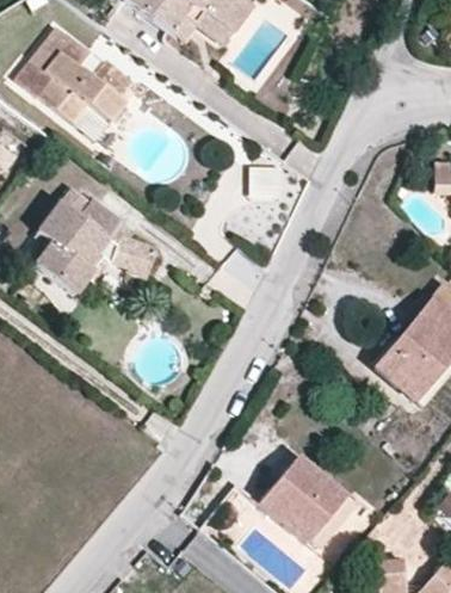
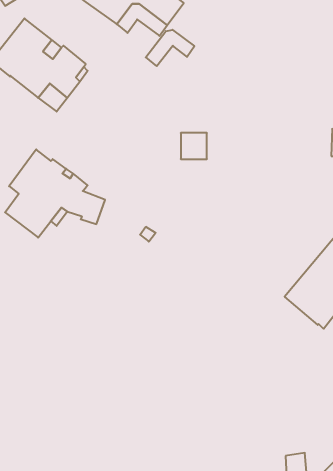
building: none -> [146,30,194,66]
building: [258,456,356,551] -> none

